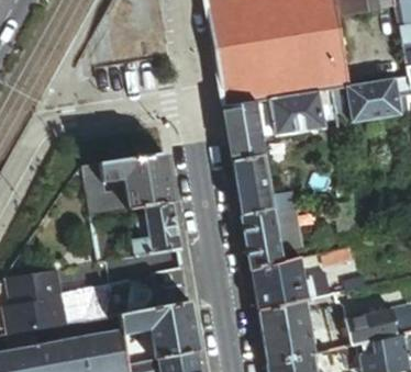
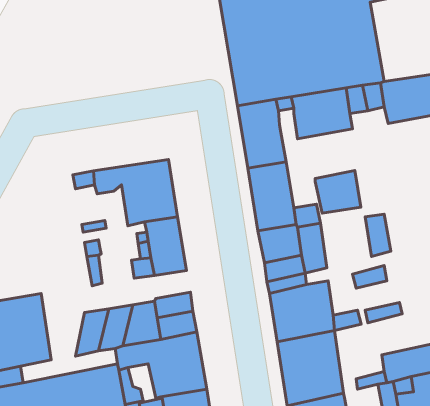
building: none -> [315,170,361,213]

